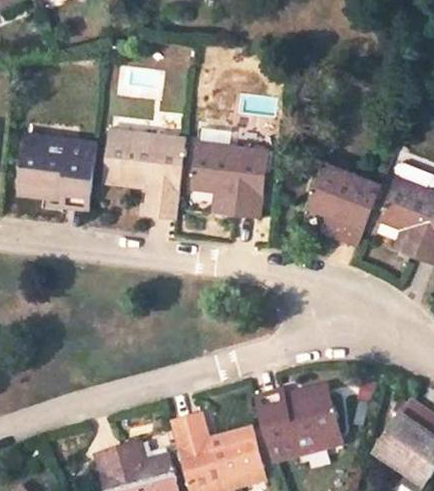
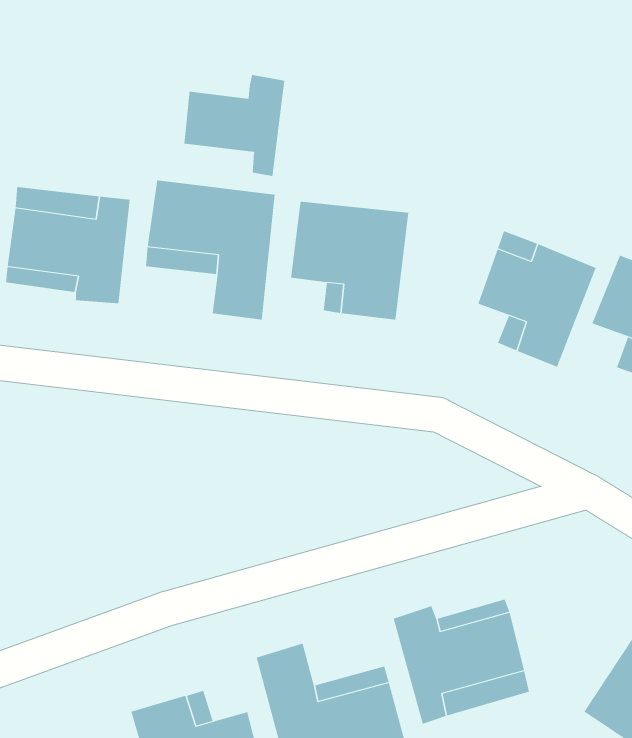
building: none -> [184,74,285,177]

